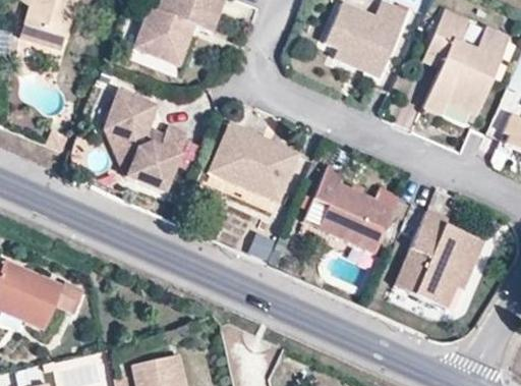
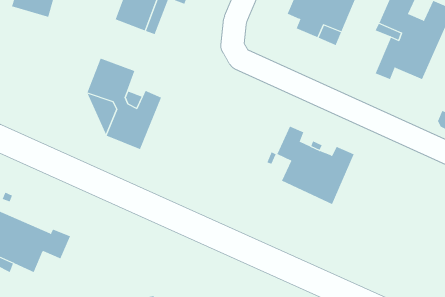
building: [209,123,299,202] -> none
building: [394,210,483,311] -> none

